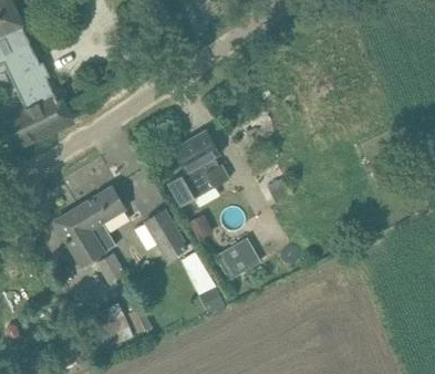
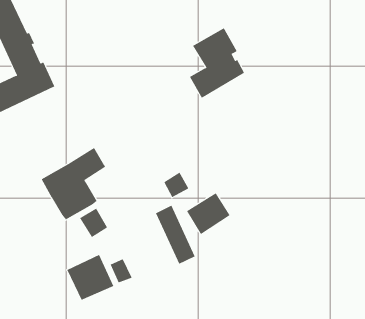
building: [168,129,228,206] -> [189,27,245,98]
building: [145,210,188,260] -> none

